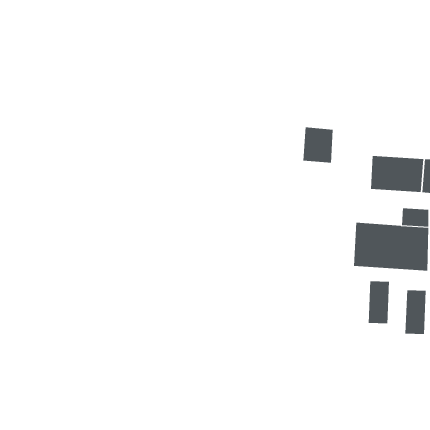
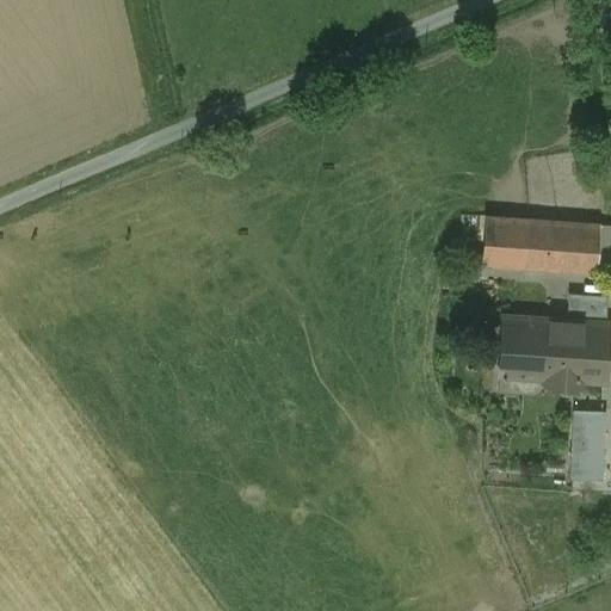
building: [302,127,334,163] -> [483,218,527,270]
building: [368,281,390,324] -> none

